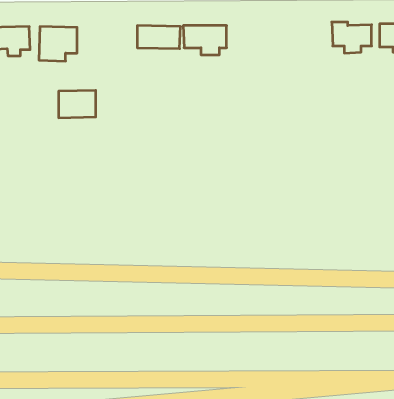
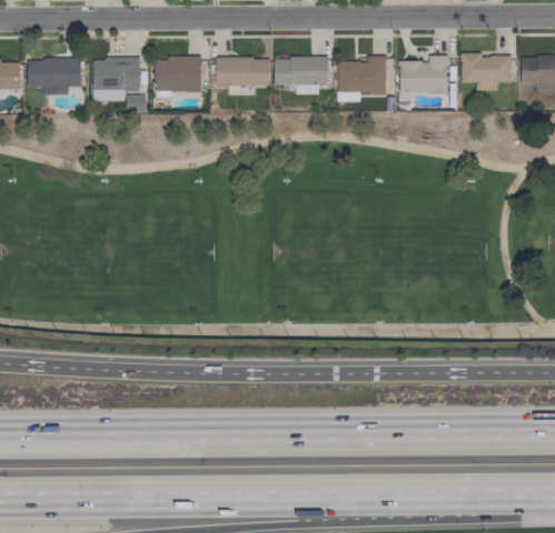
building: none -> [399,56,448,92]
building: none -> [337,57,386,101]
building: [59,90,96,118] -> [155,57,201,91]

